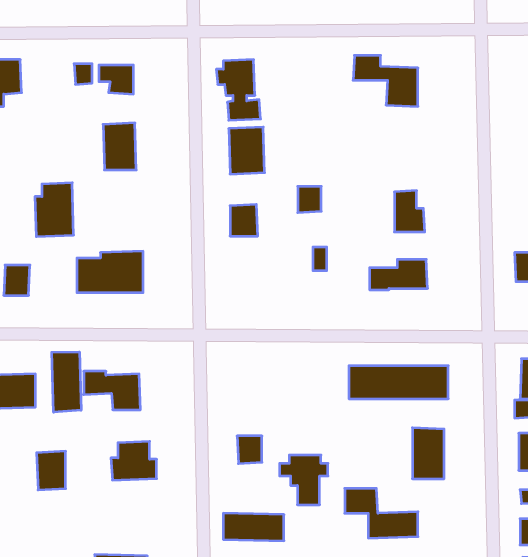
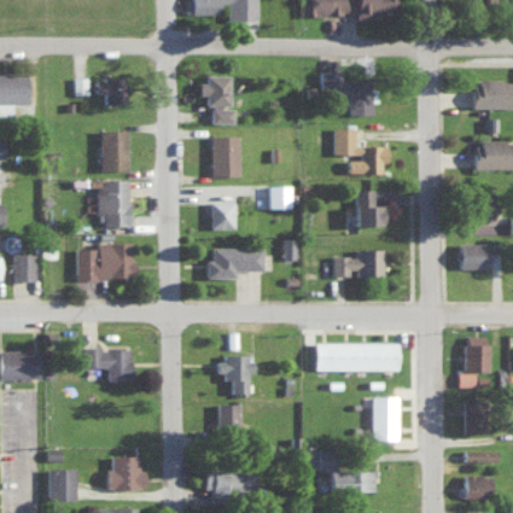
building: none -> [331,126,390,174]
building: [35,183,74,237] -> [98,181,132,228]
building: none -> [205,249,262,280]
building: [52,352,81,412] -> none
building: [111,441,157,480] -> [106,457,146,491]
building: [37,451,66,490] -> [51,470,76,503]
building: [280,455,328,505] -> [215,356,257,400]

